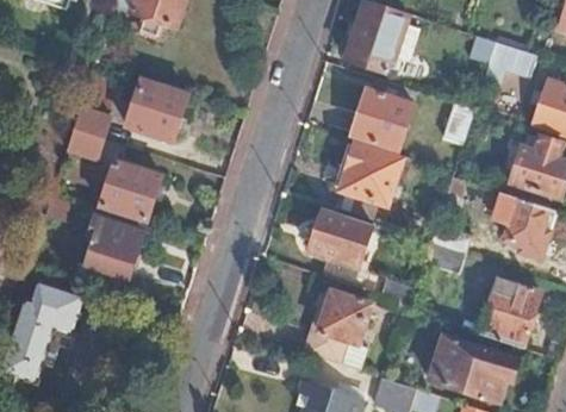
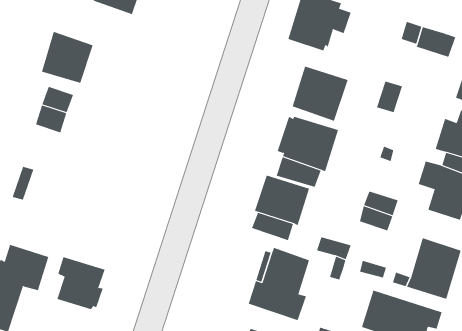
building: [126,81,185,139] -> [41,31,94,84]
building: [100,161,158,220] -> none
building: [87,218,142,277] -> [56,257,106,310]

